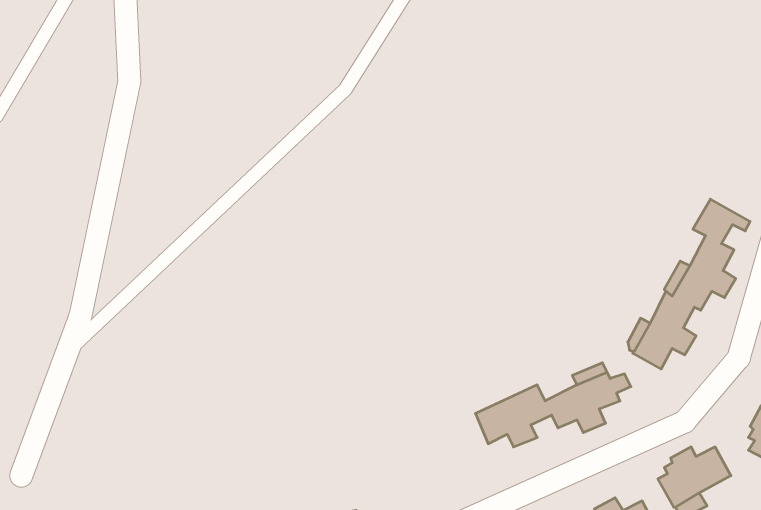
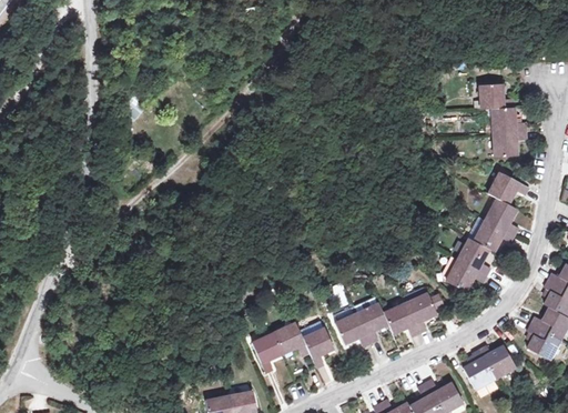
building: none -> [480,84,527,157]
building: none -> [253,323,334,373]

